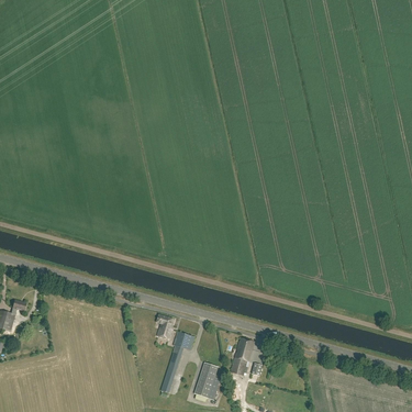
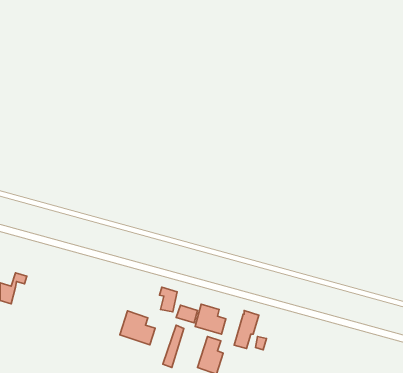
building: none -> [195,304,226,334]
building: none -> [120,311,155,345]

